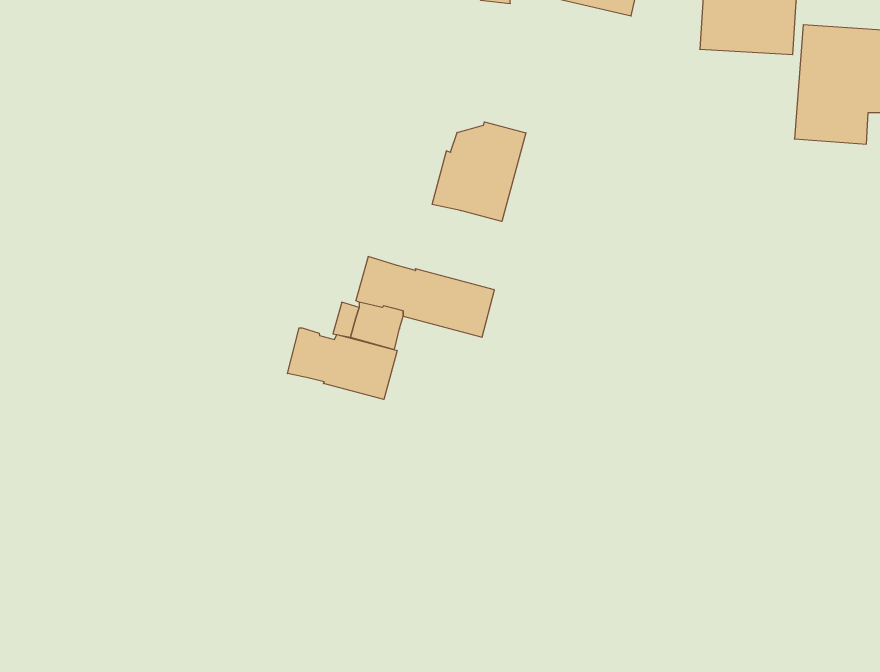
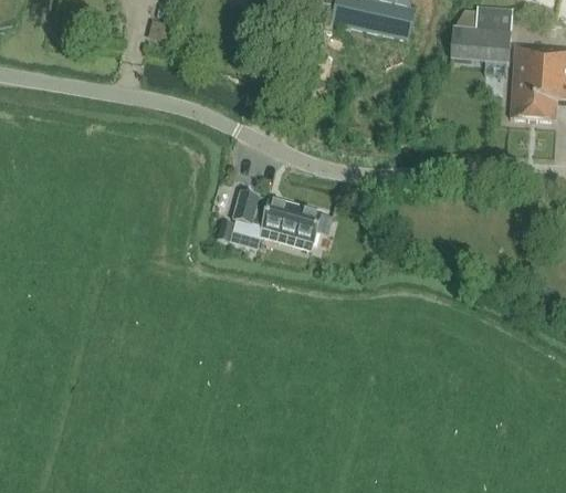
building: [432,122,526,221] -> none
building: [287,328,397,399] -> none

